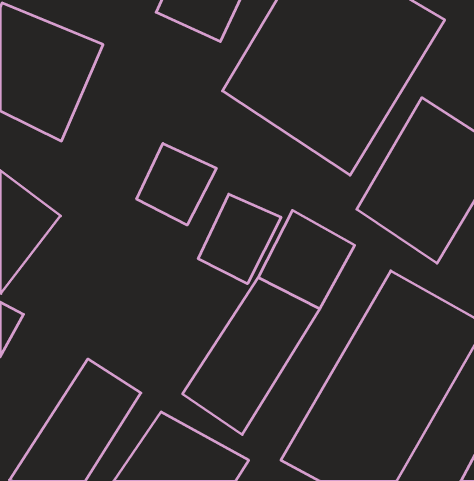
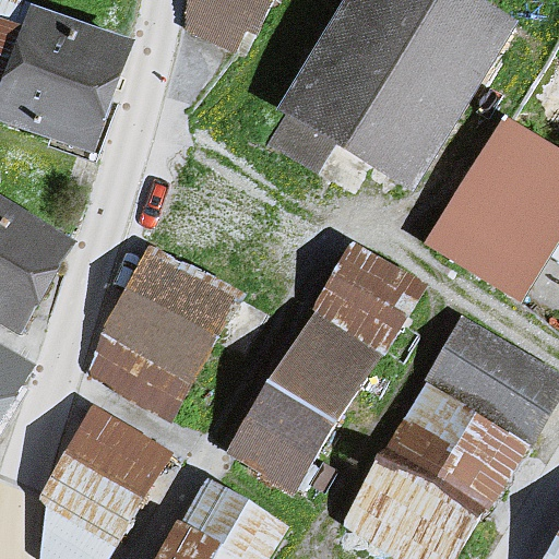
building: [137,143,216,225] -> none
building: [198,194,281,284] -> none
building: none -> [92,253,231,411]

